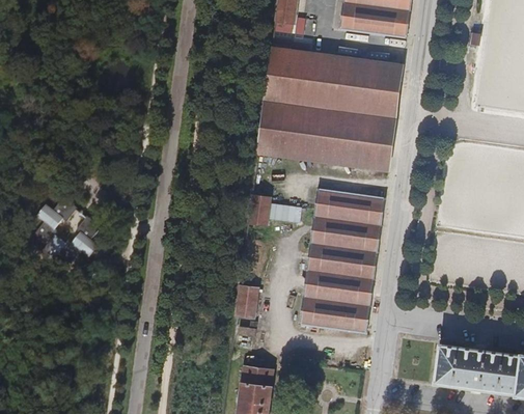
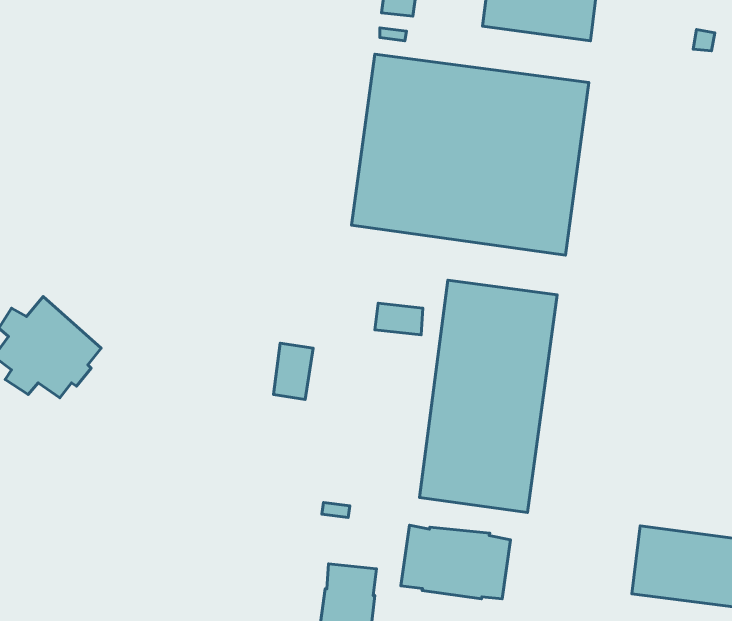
building: [247,193,272,228] -> [273,343,313,400]
building: [235,285,258,319] -> none
building: none -> [401,525,510,599]

